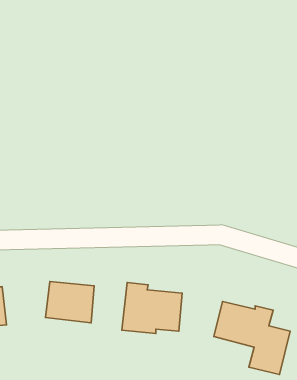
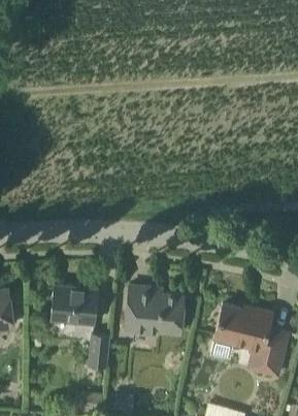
building: none -> [89,333,109,366]

